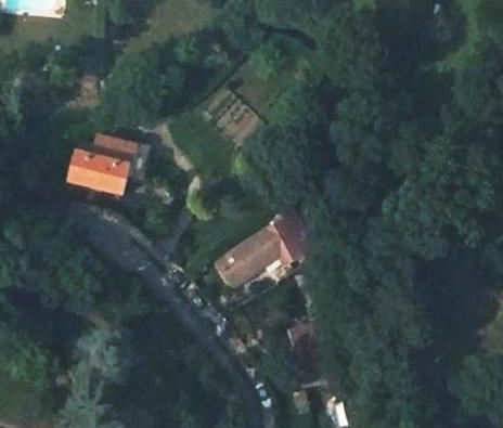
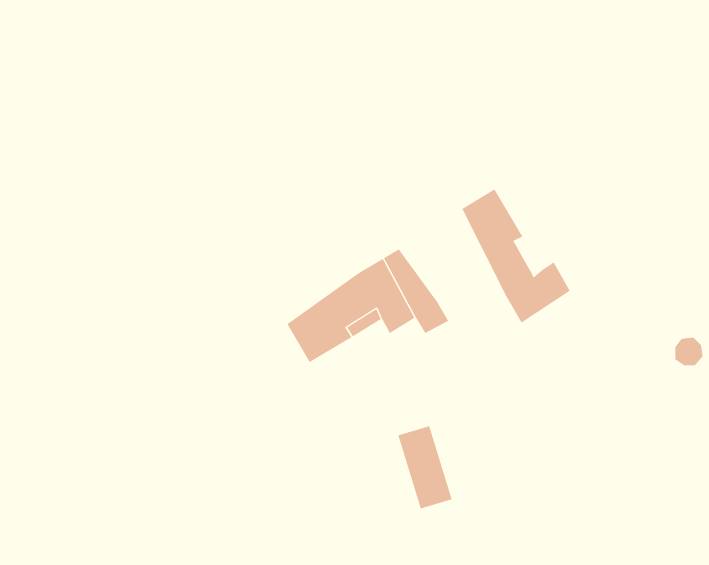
building: [69,141,134,196] -> none
building: none -> [461,188,570,323]

